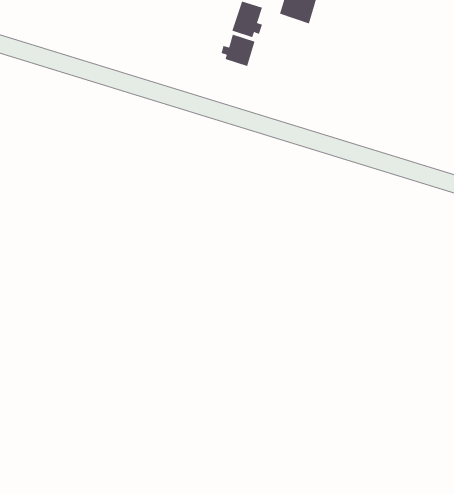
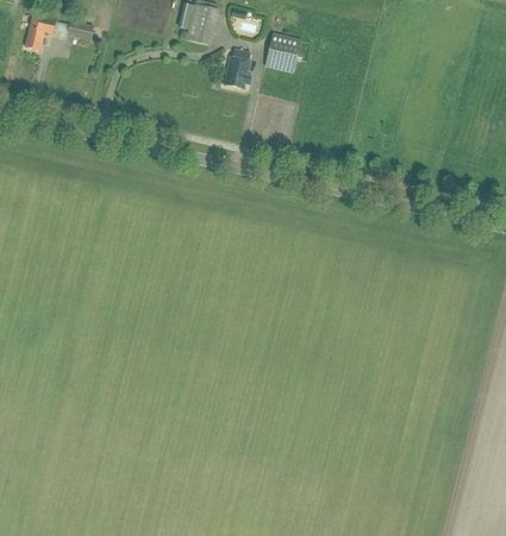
building: [221,34,255,67] -> none

